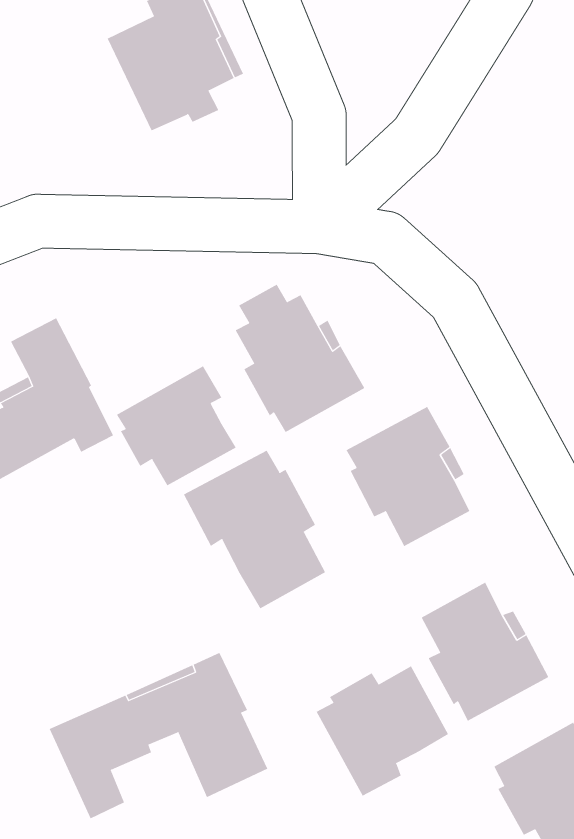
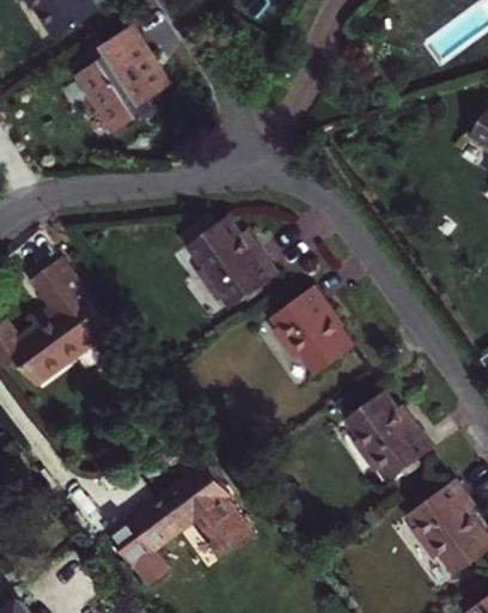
building: [116,366,237,486] -> none
building: [183,450,326,609] -> none
building: [316,666,449,796] -> none

